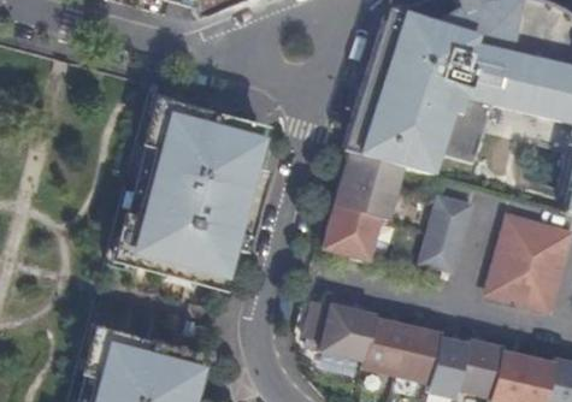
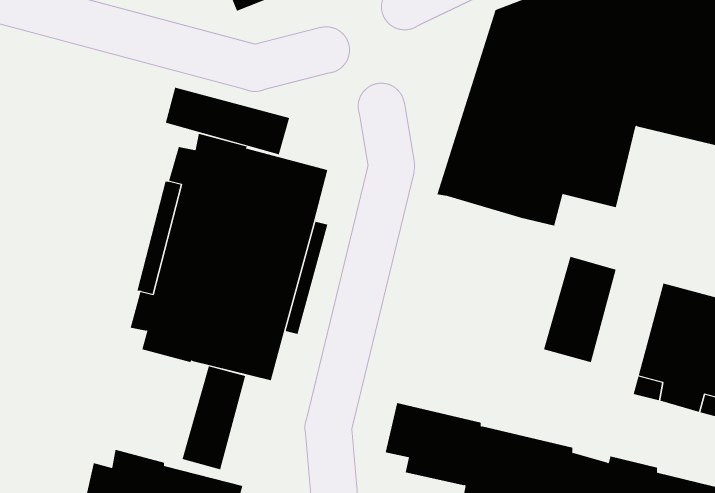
building: none -> [165,87,290,155]
building: [325,152,405,260] -> none
building: none -> [182,366,246,470]

